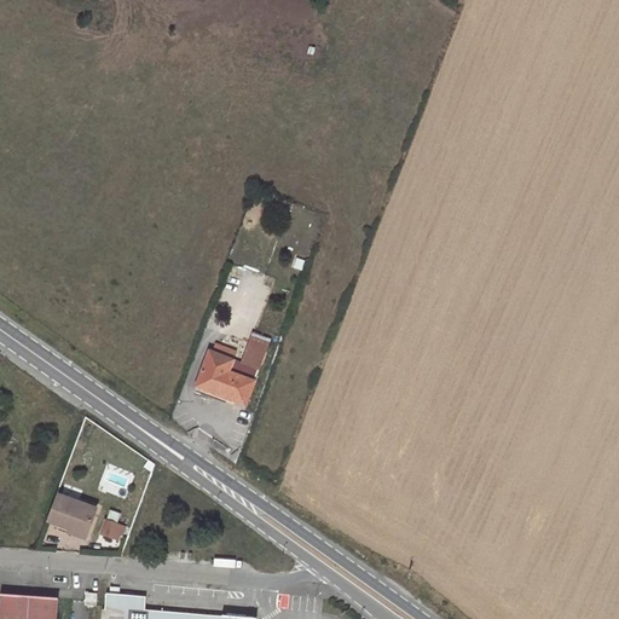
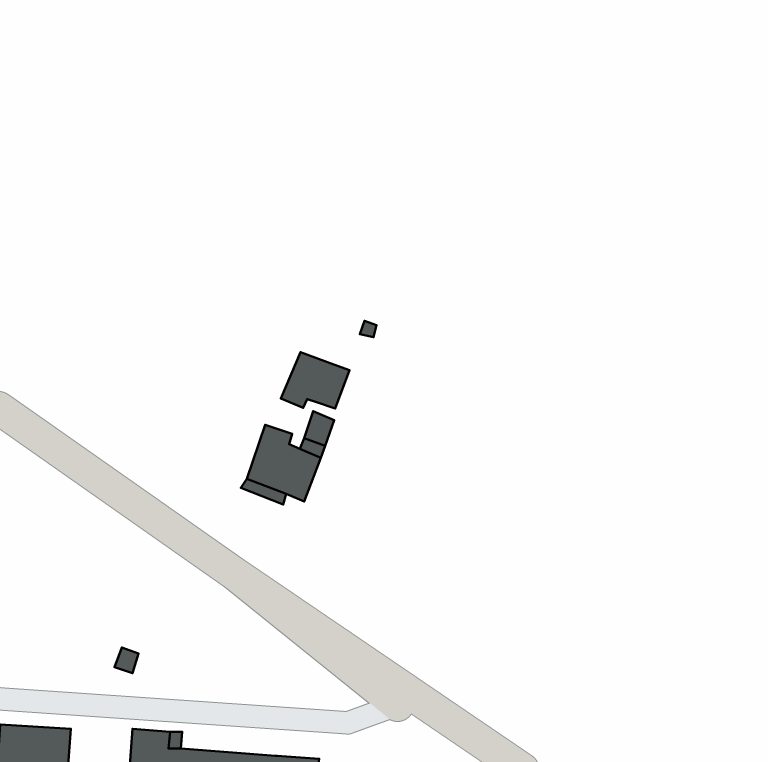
building: none -> [281,352,350,408]
building: [45,501,96,545] -> none

